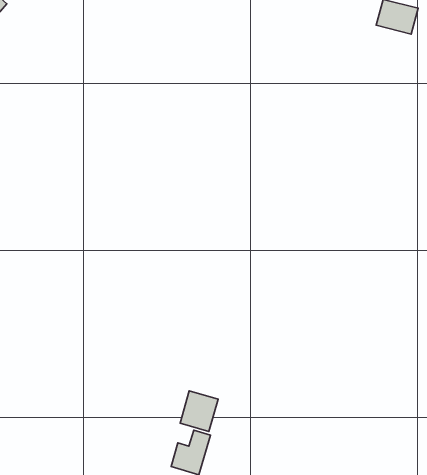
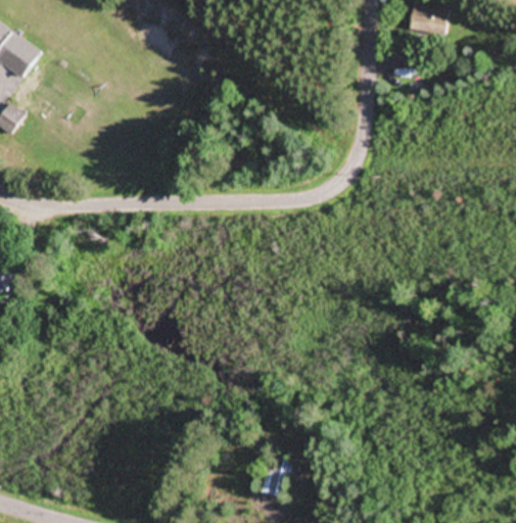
building: [180,391,218,432] -> none

